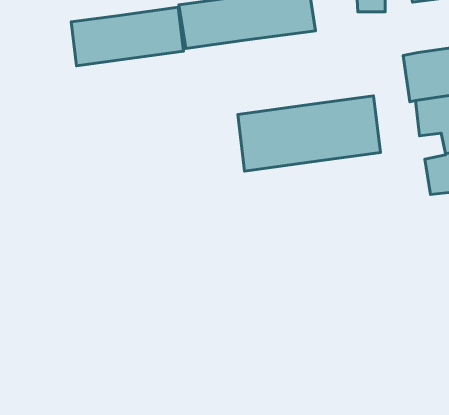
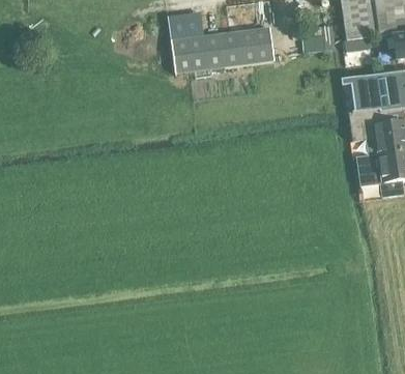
building: [71,7,183,66] -> none
building: [238,96,380,171] -> none

